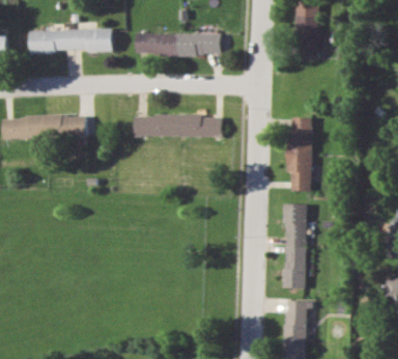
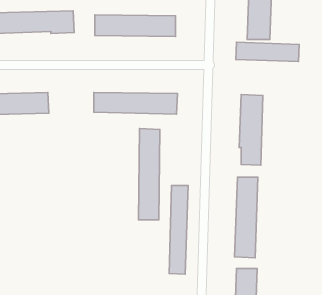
building: none -> [236,42,299,62]
building: none -> [138,128,160,220]
building: none -> [169,185,188,274]

